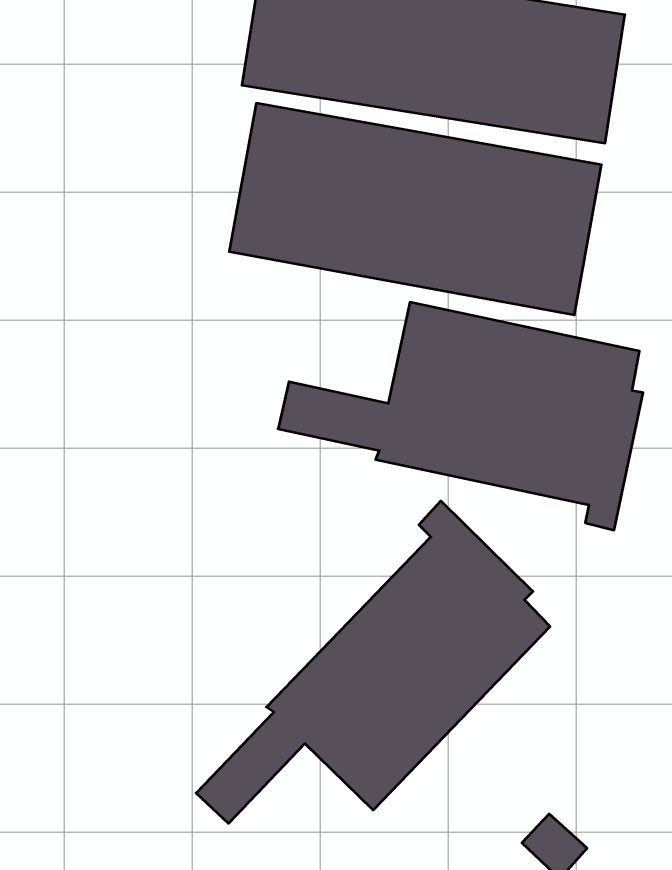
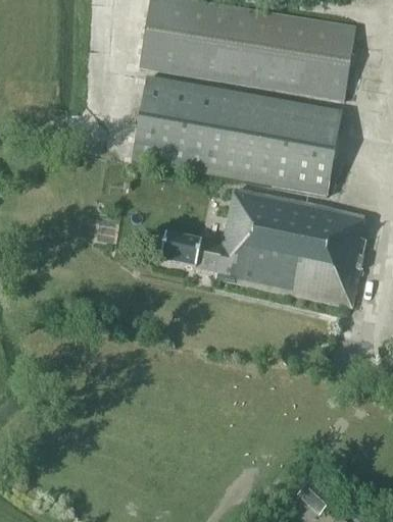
building: [196,501,550,823] -> none

